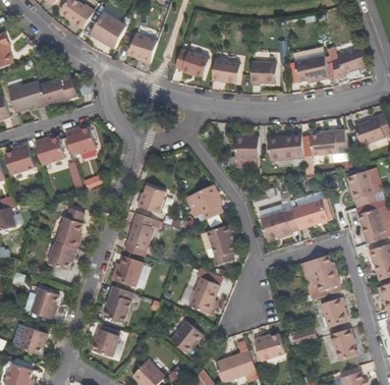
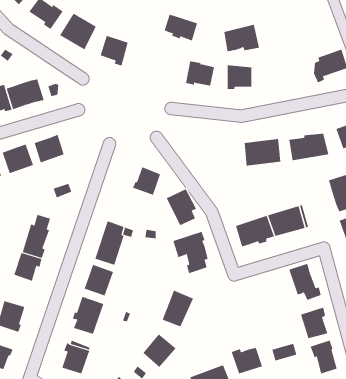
building: [175,51,208,77] -> [164,14,198,41]
building: [295,54,330,80] -> [223,24,260,52]
building: [234,135,257,159] -> none
building: [136,182,164,210] -> [132,167,161,195]

